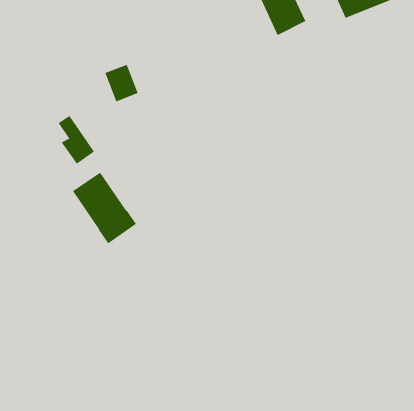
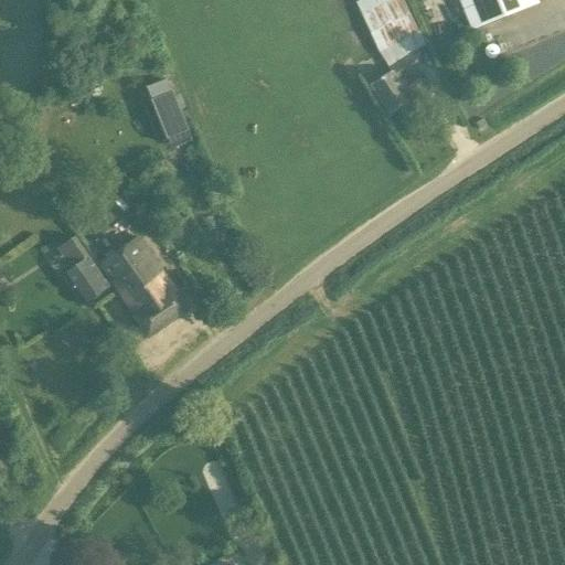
building: none -> [370,50,419,109]
building: [58,115,95,165] -> [56,234,107,301]

